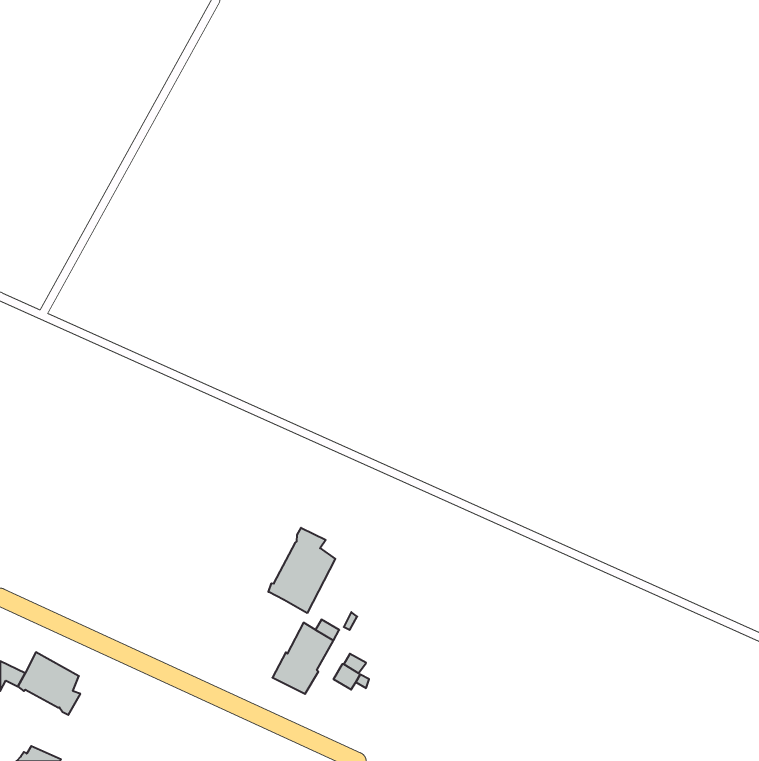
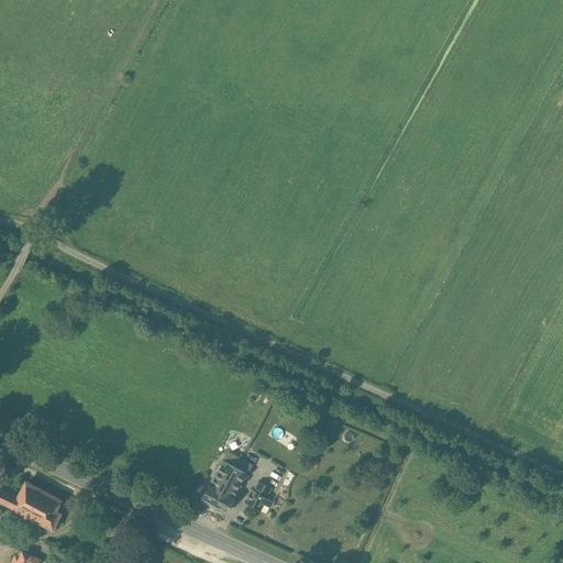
building: [268,528,335,613] -> none

